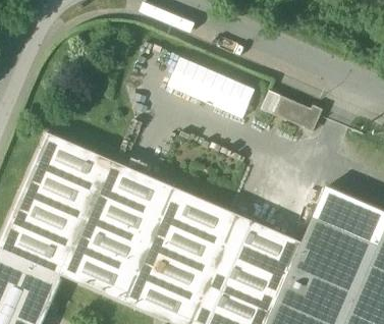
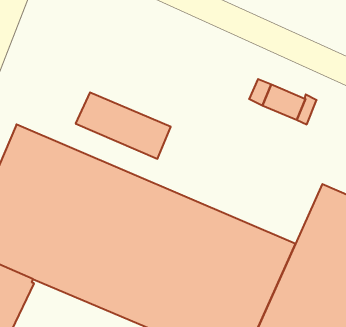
building: [169,59,257,120] -> [76,92,171,159]

